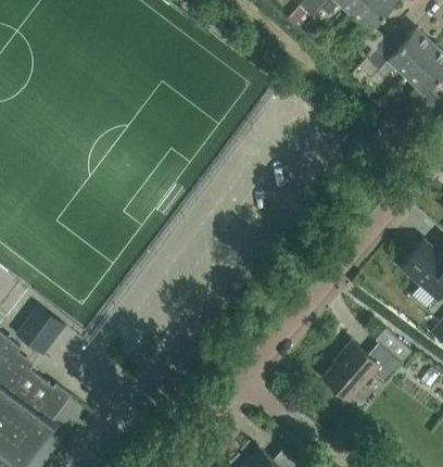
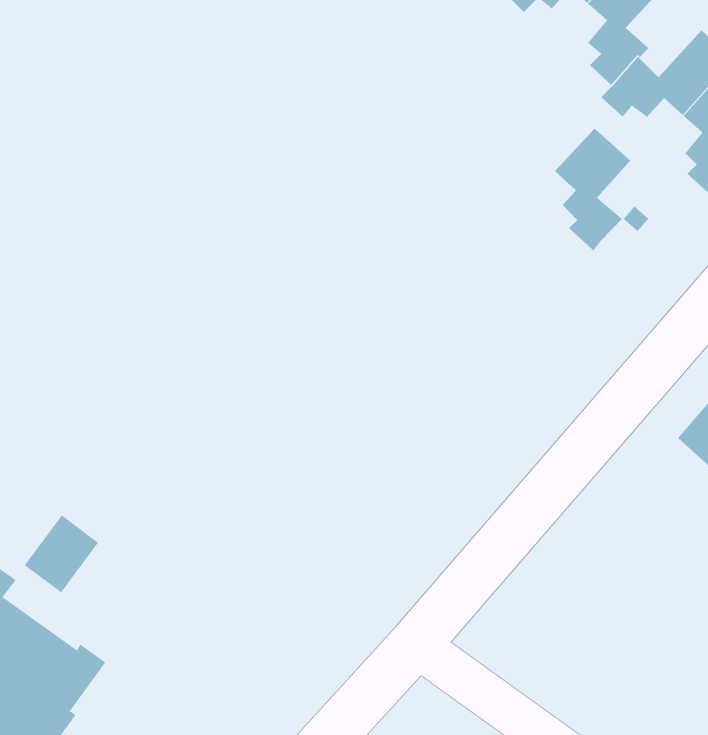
building: none -> [554,128,631,251]
building: [324,329,413,401] -> none

